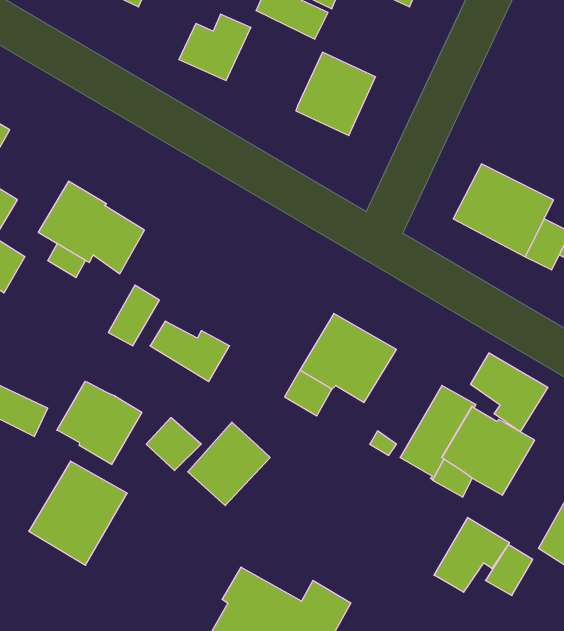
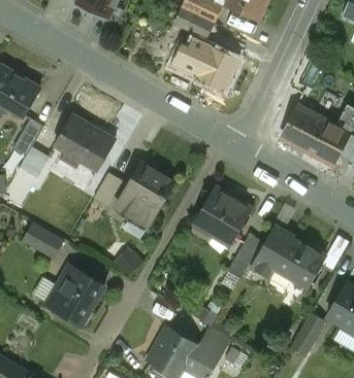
building: [179,14,251,80] -> [170,38,210,74]
building: none -> [124,163,172,205]
building: [471,353,548,432] -> none
building: [57,381,142,464] -> none
building: [188,422,270,506] -> none
building: [434,517,509,592] -> none

